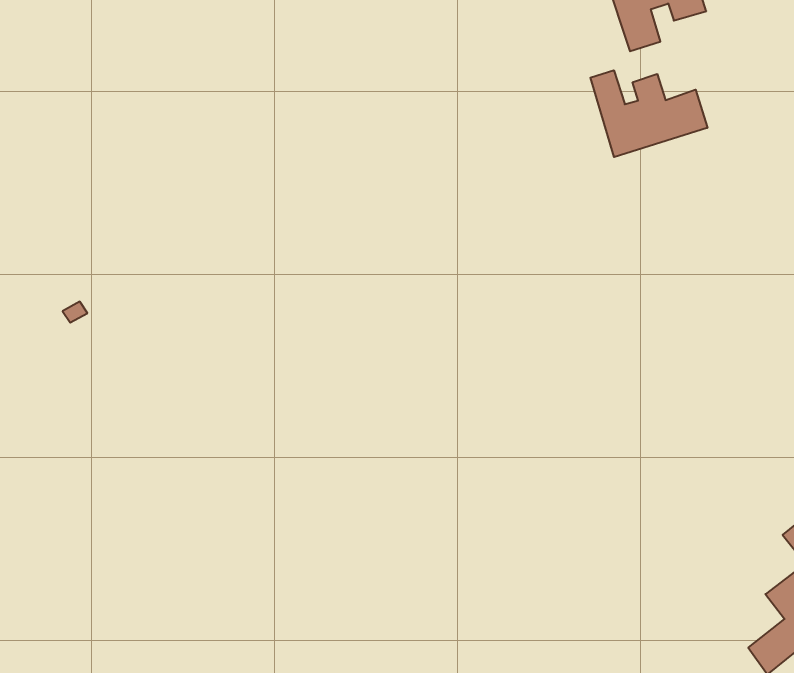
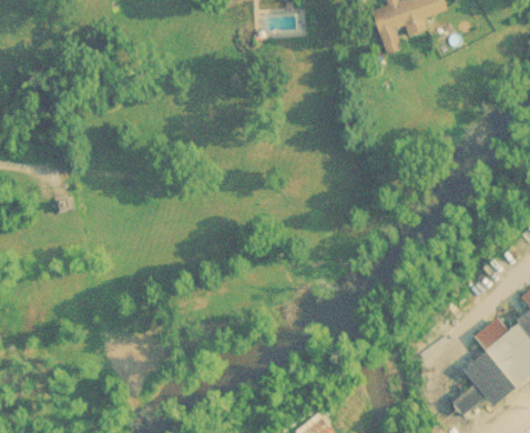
building: [590,70,707,157] -> none

